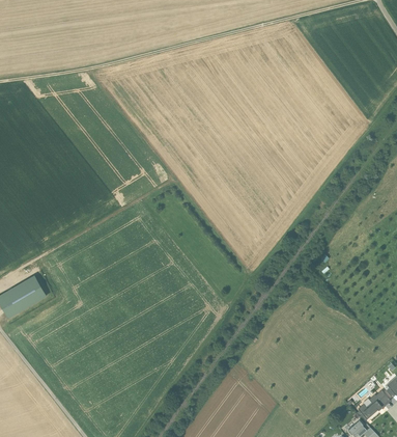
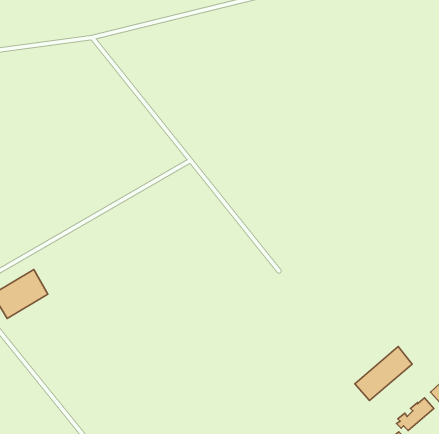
building: none -> [355,346,412,401]

